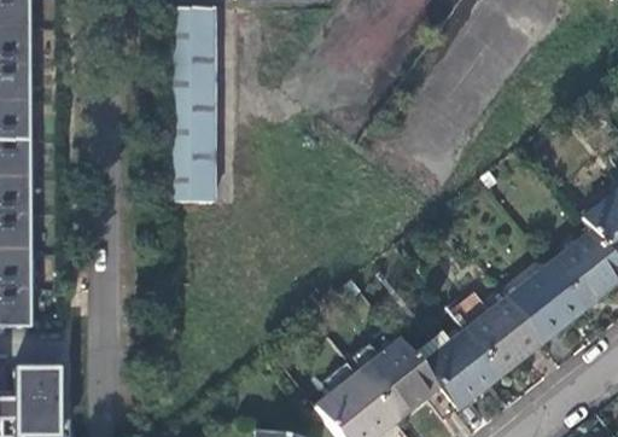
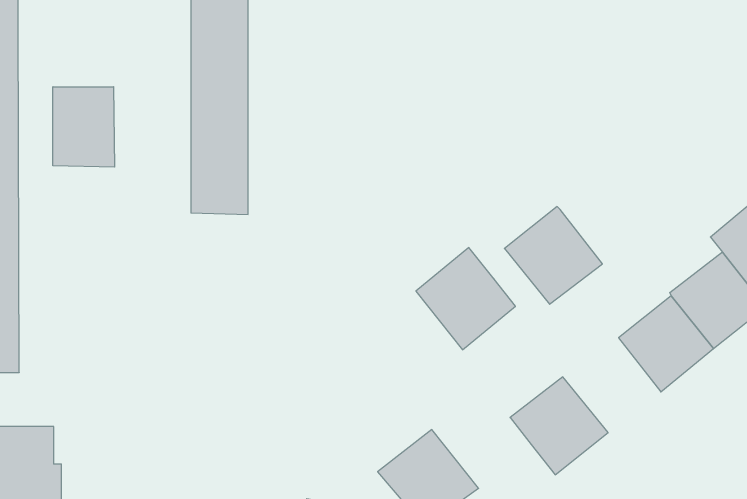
building: none -> [53,87,114,167]
building: [465,296,543,374] -> [504,207,602,304]
building: [360,337,439,419] -> [416,248,515,350]

